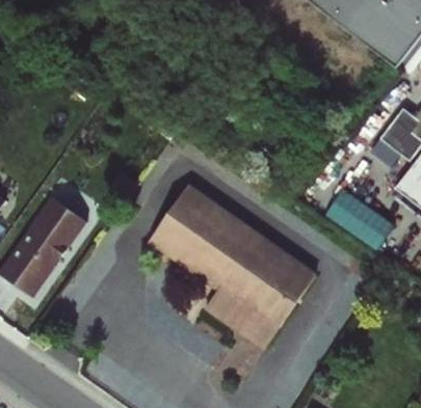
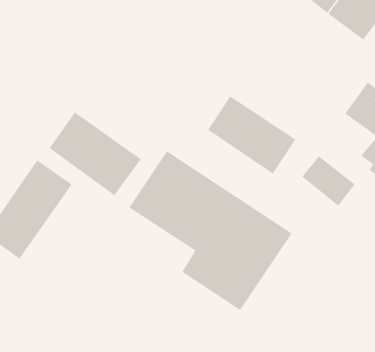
building: none -> [207,95,296,174]
building: none -> [49,112,141,196]

